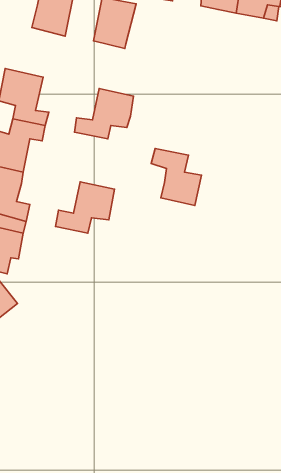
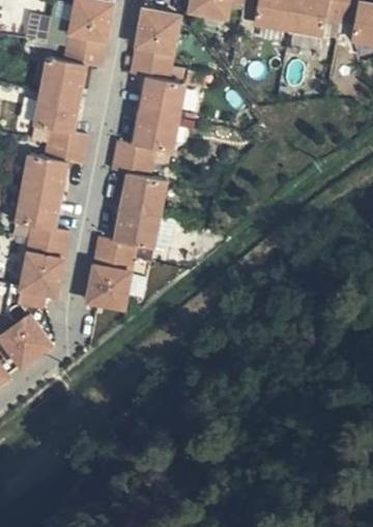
building: none -> [39,41,105,95]
building: none -> [133,56,185,116]
building: [151,148,202,205] -> [111,155,166,217]
building: none -> [84,258,130,309]

